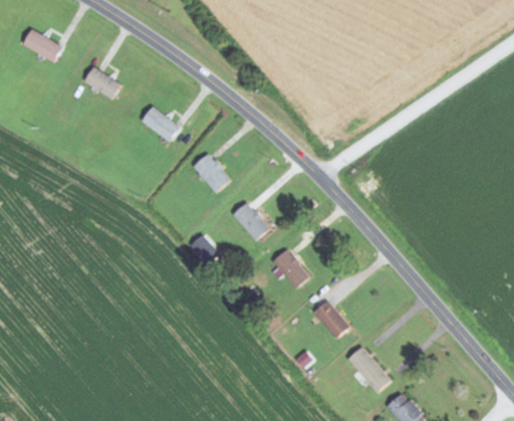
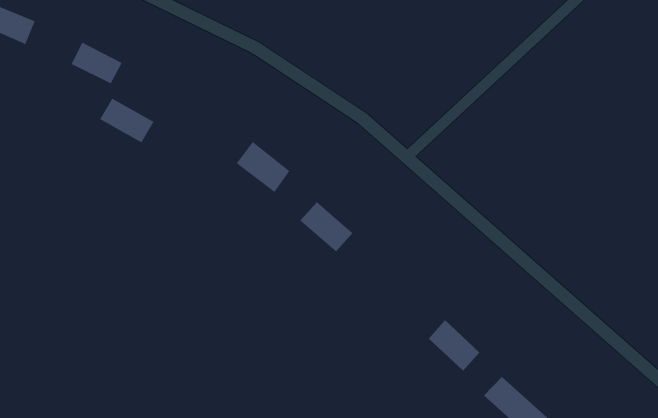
building: [142,107,181,142] -> [99,98,154,143]
building: [189,234,220,265] -> none
building: [272,249,310,288] -> none

